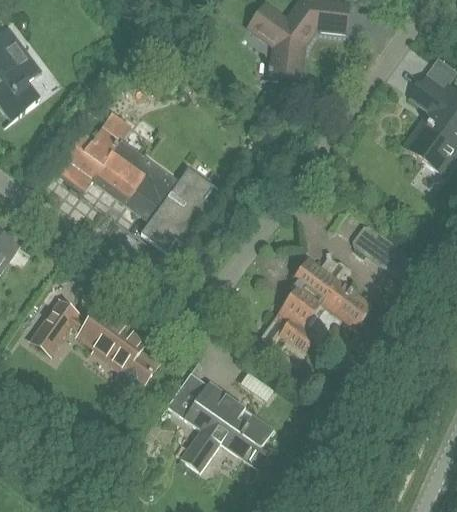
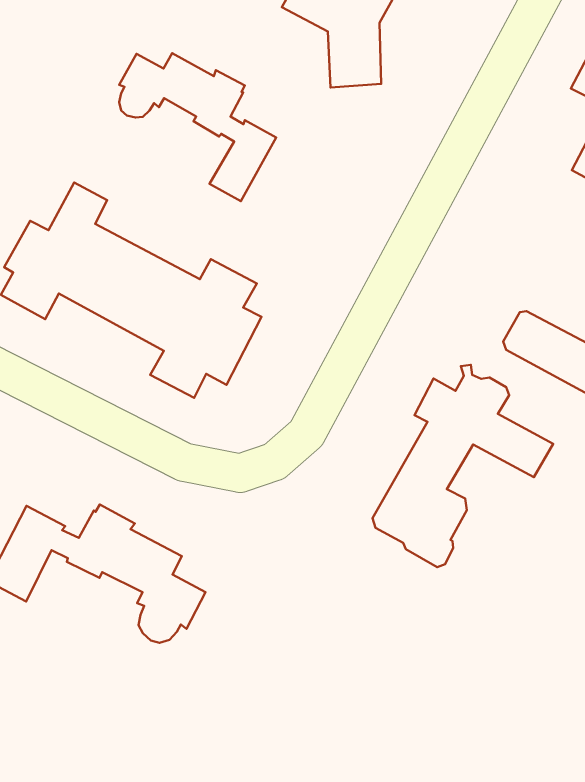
building: none -> [119,53,276,201]
building: [167,373,273,471] -> none

